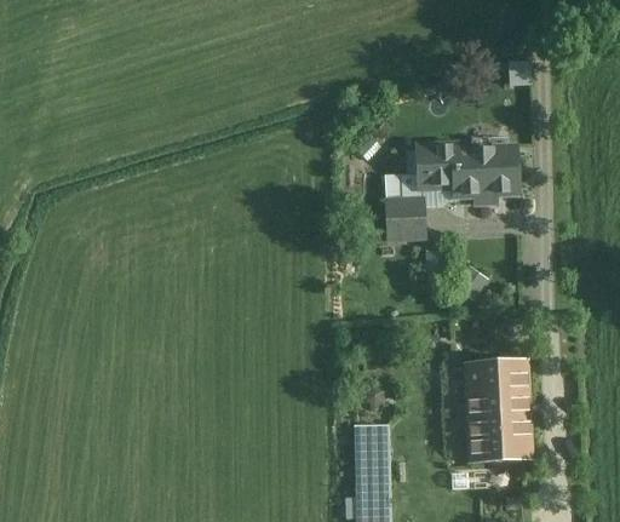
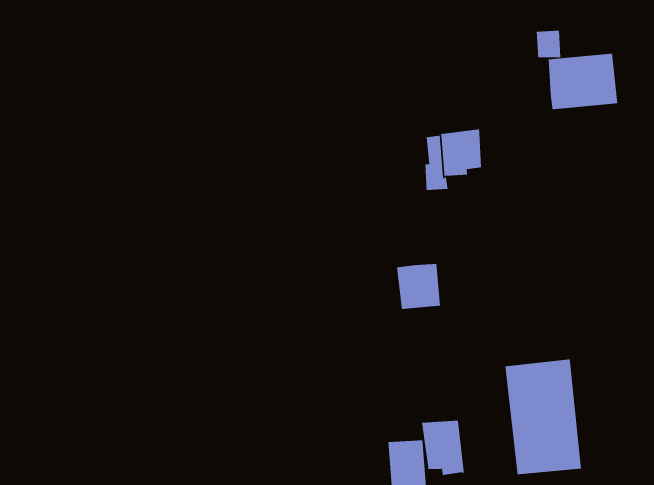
building: [454,147,516,195] -> [548,53,618,110]
building: [385,199,424,239] -> [396,264,441,309]
building: none -> [422,420,464,476]

